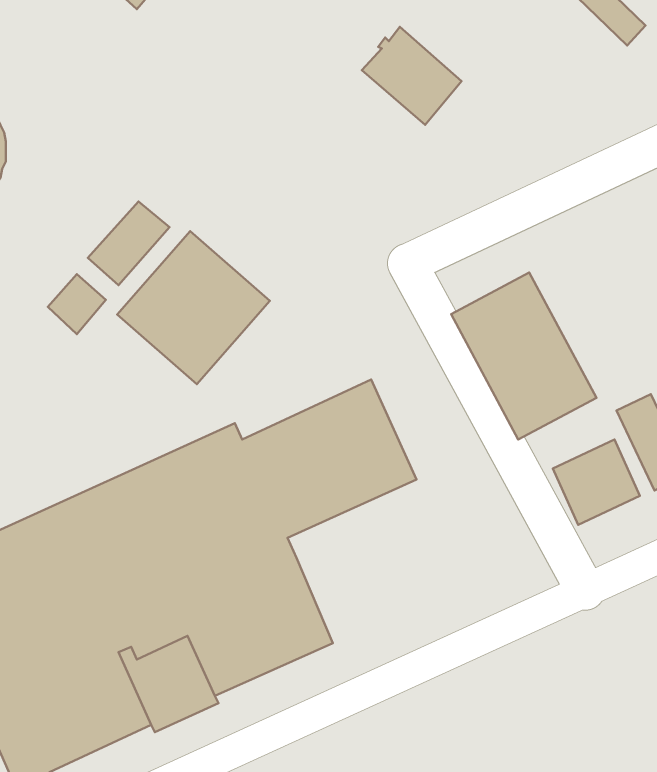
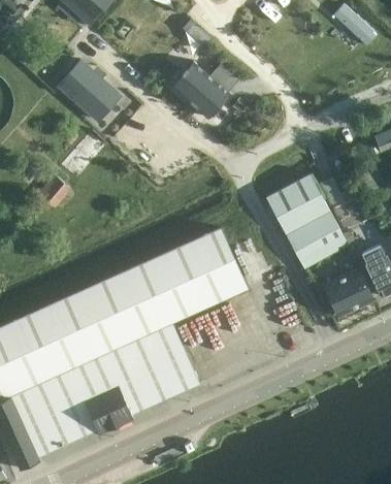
building: [362,27,462,125] -> [171,61,228,117]
building: none -> [56,59,119,121]
building: [117,231,270,384] -> none

